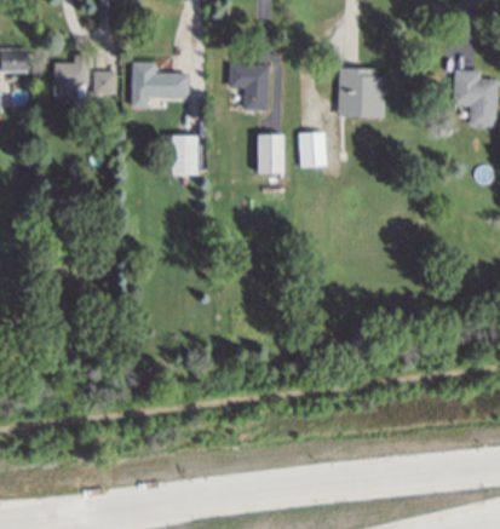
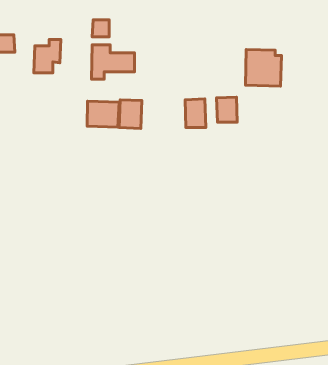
building: [229,64,270,111] -> none
building: [93,71,116,94] -> [92,20,109,37]
building: none -> [87,101,119,127]

